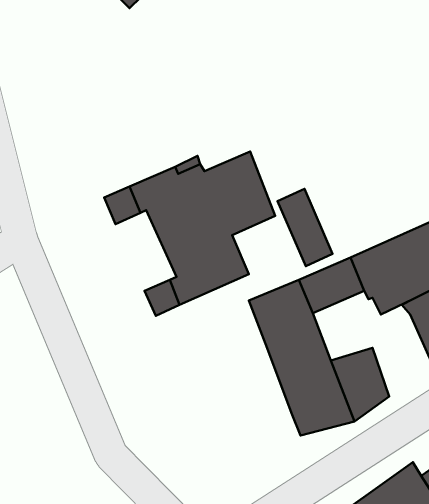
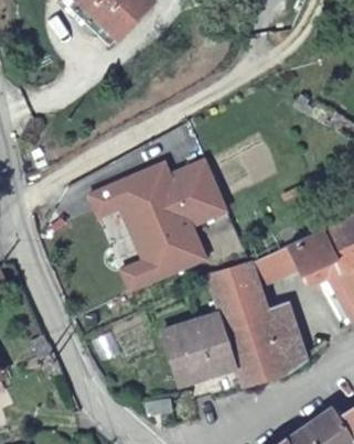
building: [278,189,333,266] -> none
building: none -> [161,310,237,378]

